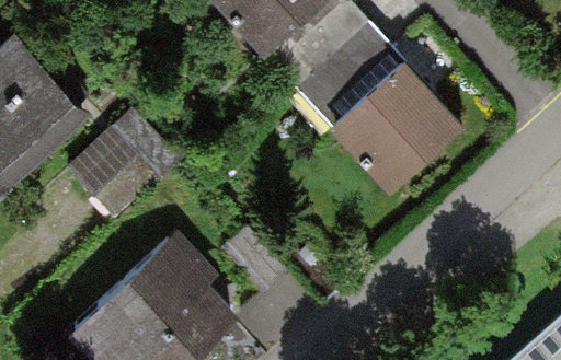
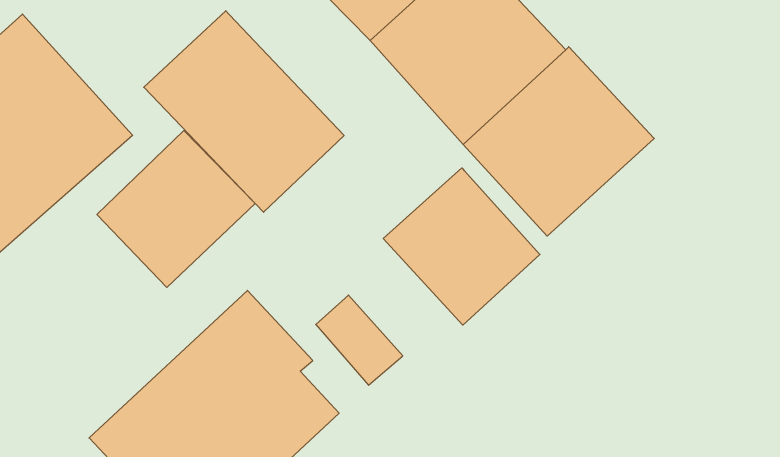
building: none -> [144,11,344,212]
building: none -> [383,168,540,325]

